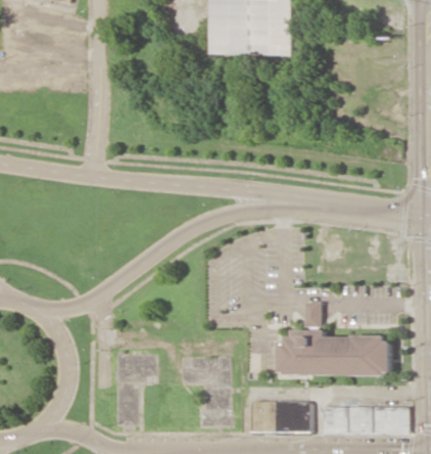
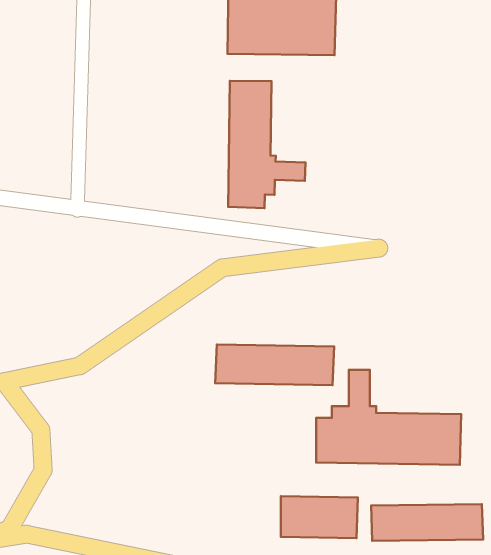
building: none -> [228,81,305,208]
building: none -> [215,344,334,385]

